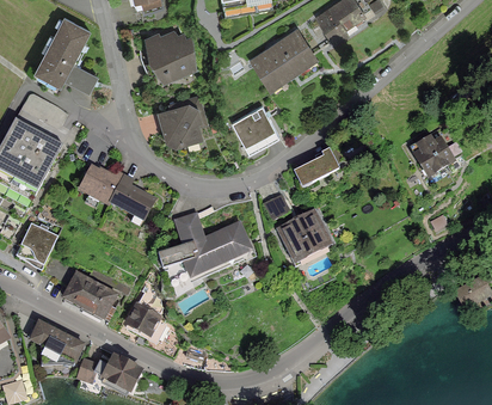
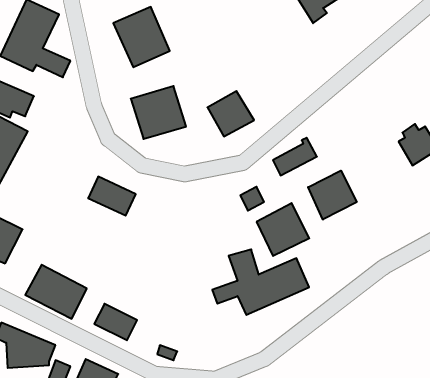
building: [252,30,313,85] -> none
building: [84,170,124,204] -> none
building: none -> [308,171,357,220]
building: [159,215,251,277] -> [212,249,309,315]

